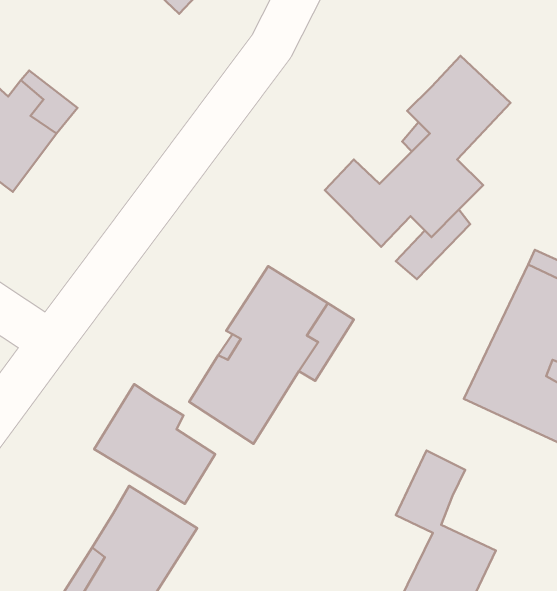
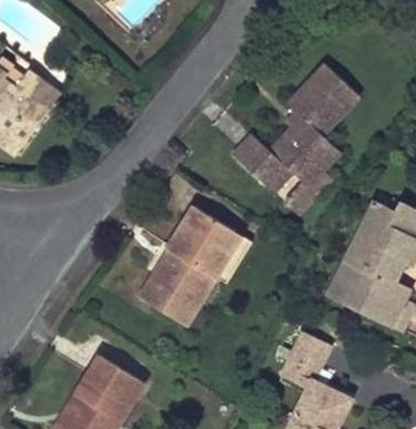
building: [94,384,215,504] -> none

